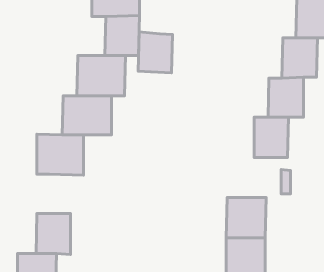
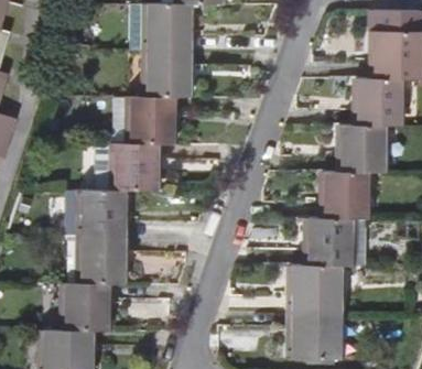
building: [138,32,172,73] -> none
building: none -> [307,218,349,265]
building: none -> [68,238,123,284]

